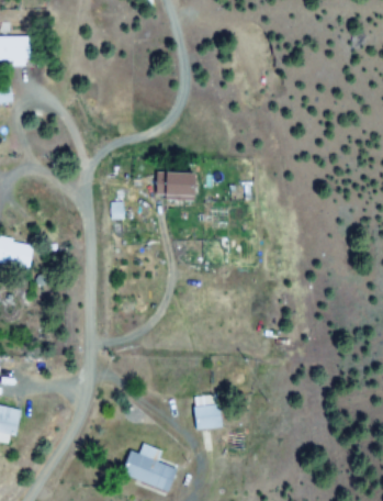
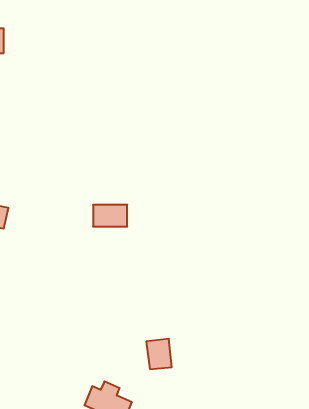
building: [155,171,194,197] -> [93,205,127,227]

